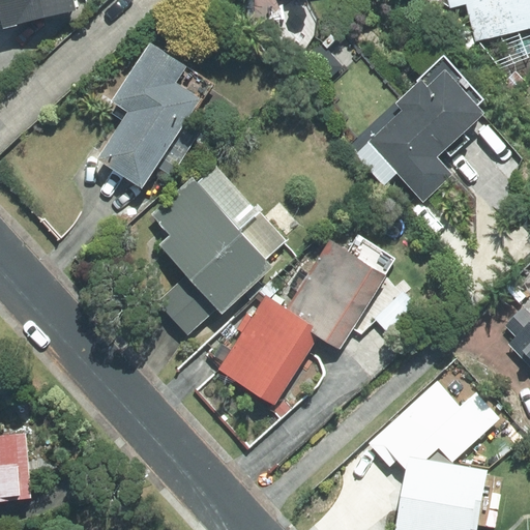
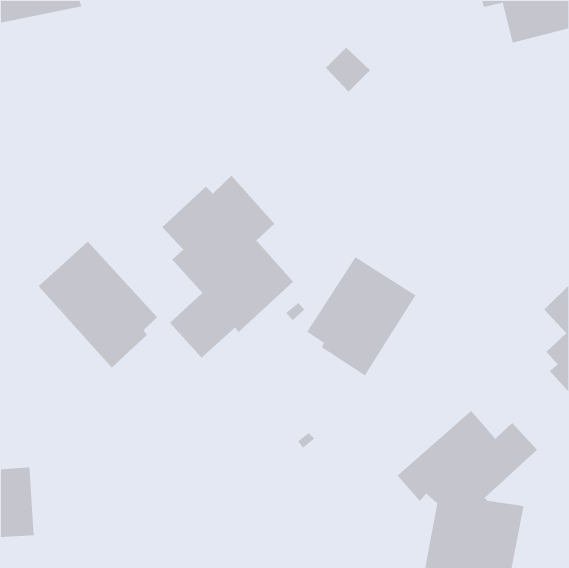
building: [96,41,200,186] -> none
building: [369,56,485,202] -> none
building: none -> [38,241,158,368]
building: [218,297,319,407] -> none

